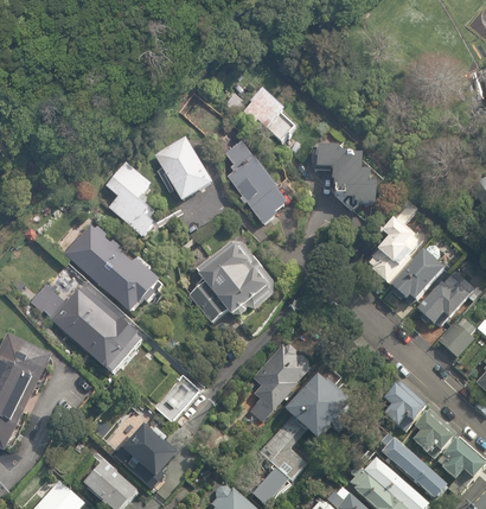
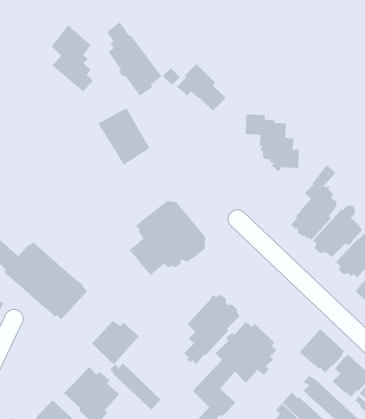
building: [226,141,288,224] -> [106,21,162,97]
building: [107,161,154,236] -> [51,25,94,92]
building: [64,224,160,313] -> none
building: none -> [109,363,161,410]

